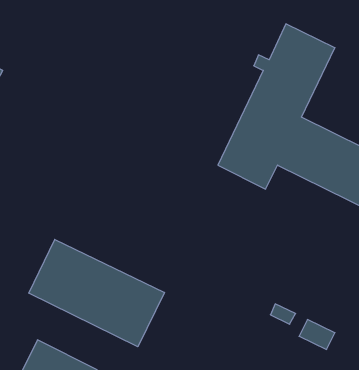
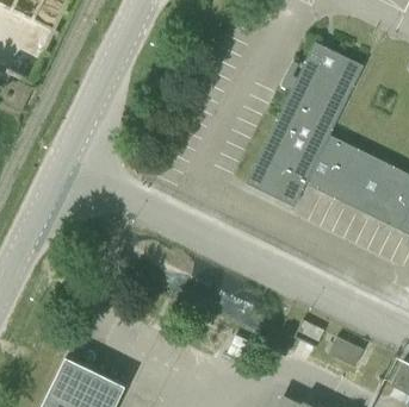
building: [29,239,164,347] -> none

